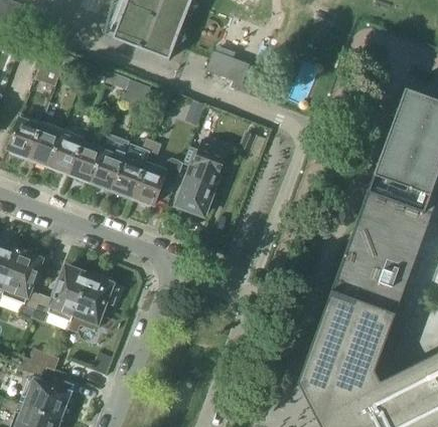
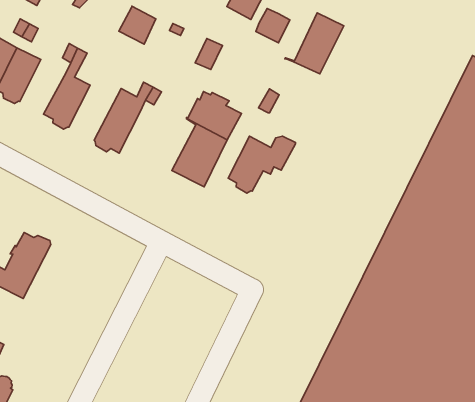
building: none -> [285,13,344,74]
building: [49,129,84,172] -> none
building: [91,134,130,188] -> none
building: [133,158,183,206] -> [228,136,296,193]
building: [69,274,119,324] -> none

